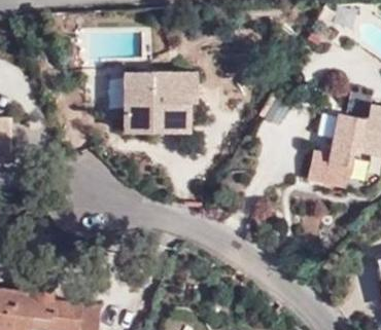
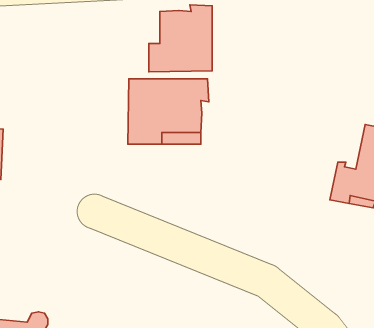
building: none -> [149,5,212,72]

